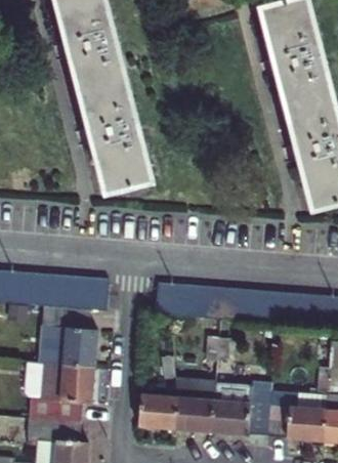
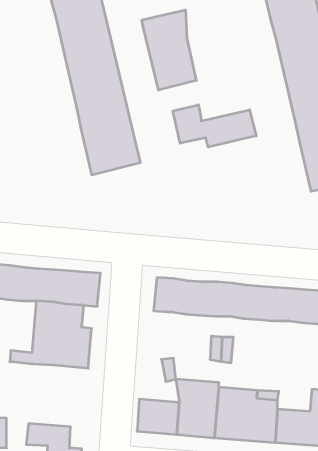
building: none -> [142,10,196,90]
building: none -> [173,105,256,147]
building: [25,362,98,422] -> none

